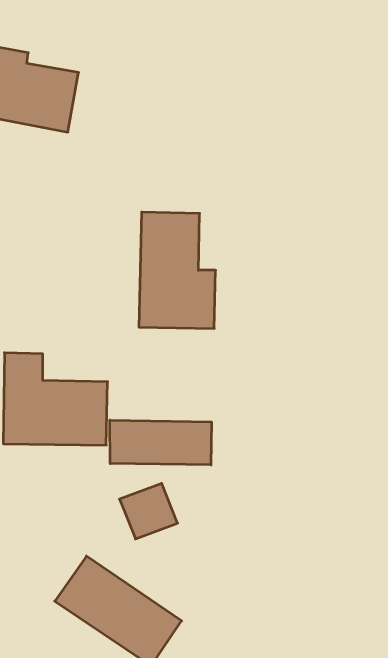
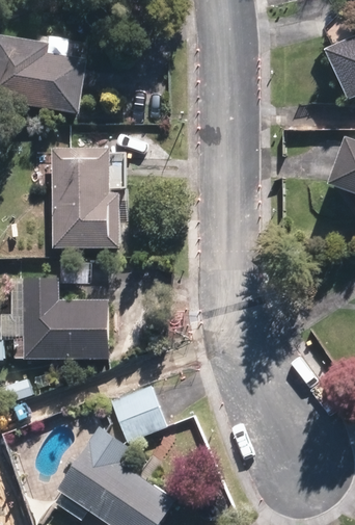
building: [139,212,216,328] -> [56,155,116,246]
building: [110,420,211,465] -> none

